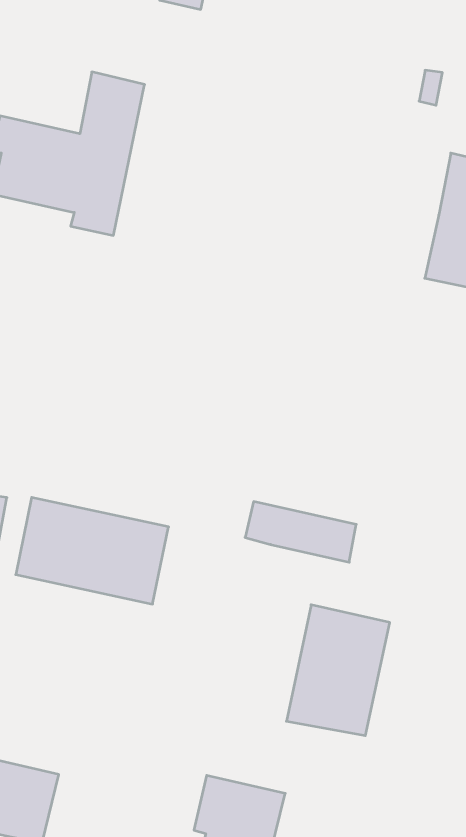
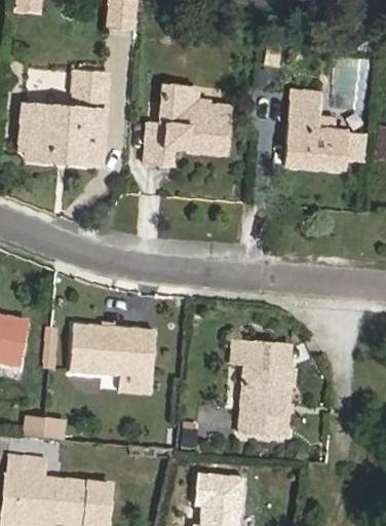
building: none -> [145,83,231,166]
building: [245,502,356,562] -> [228,341,292,369]

